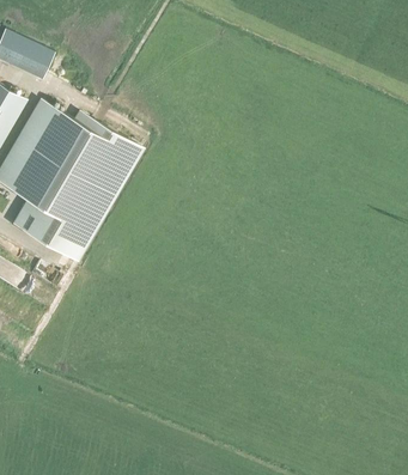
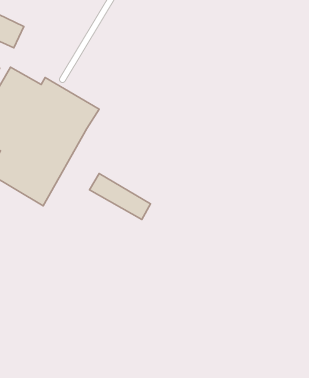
building: none -> [90,174,151,220]

